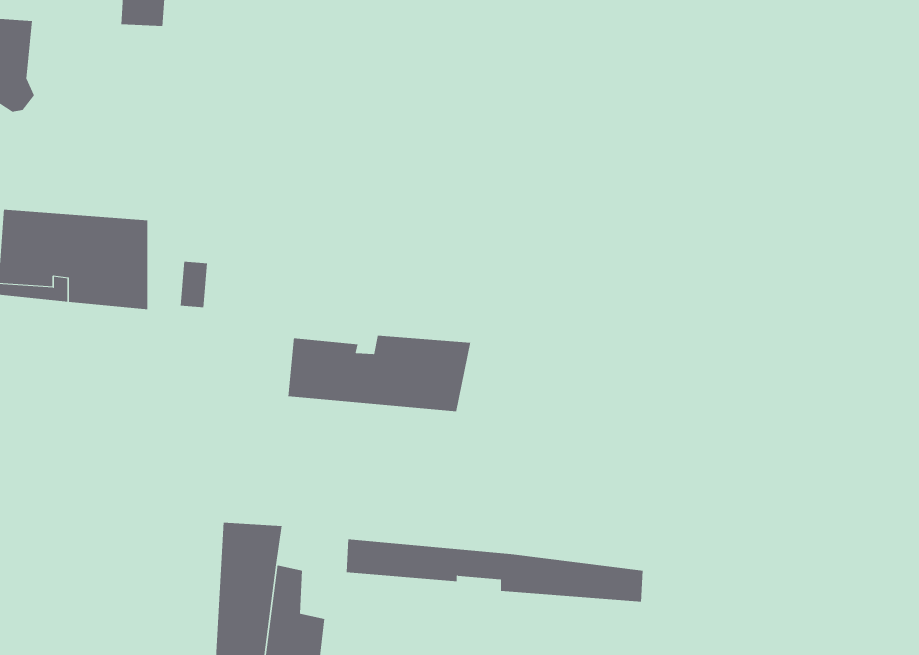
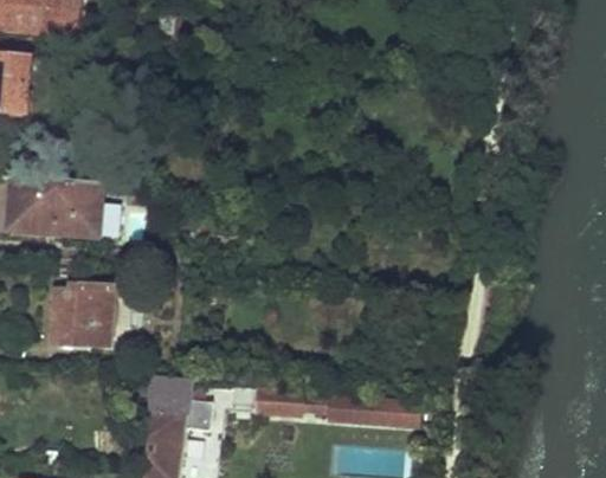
building: [288,335,471,412] -> none
building: none -> [51,285,115,348]

